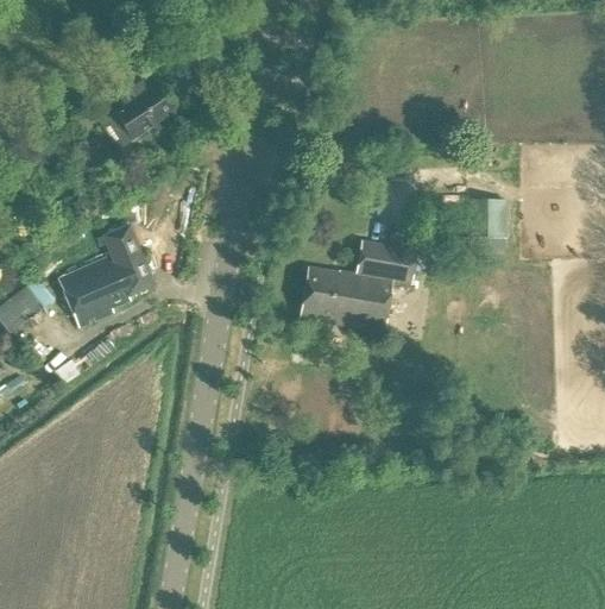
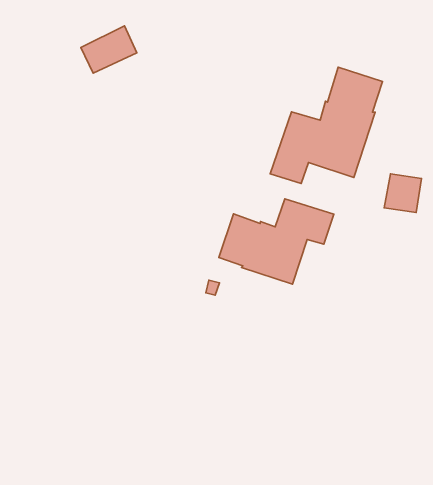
building: none -> [270,67,382,184]
building: [59,224,155,324] -> none

